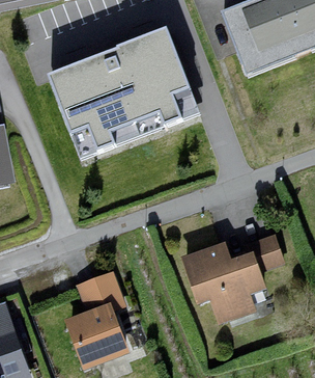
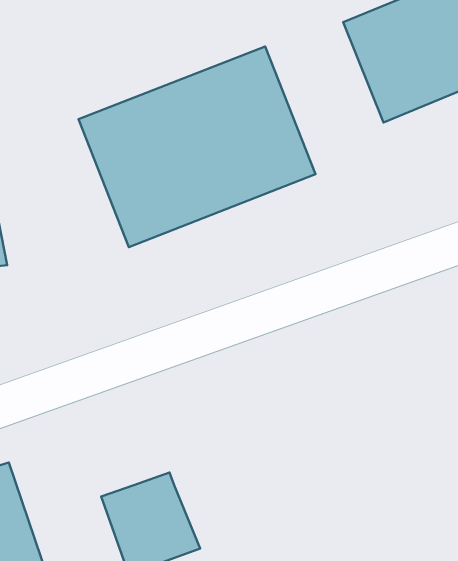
building: [180,234,287,326] -> none
building: [76,270,130,313] -> none

